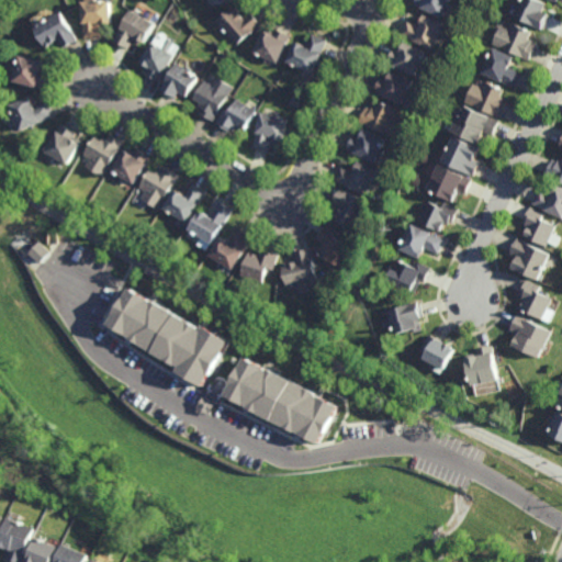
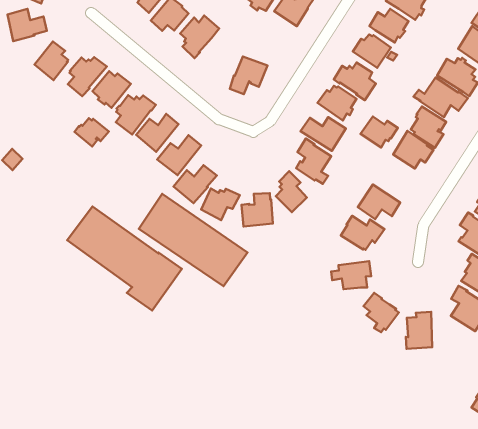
building: [212,100,252,133] -> none
building: none -> [74,118,109,146]
building: [416,202,453,233] -> [361,117,398,148]
building: [223,358,338,443] -> [139,194,248,286]

